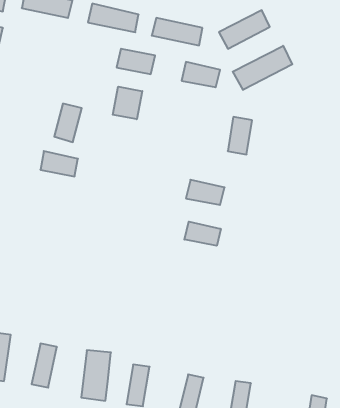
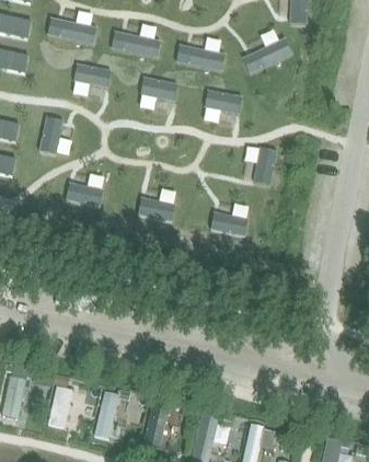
building: none -> [70,62,108,88]
building: [233,46,292,90] -> none
building: [113,87,142,119] -> none
building: [54,104,82,142] -> [39,117,67,155]
building: none -> [132,194,171,219]
building: [184,222,221,246] -> none

